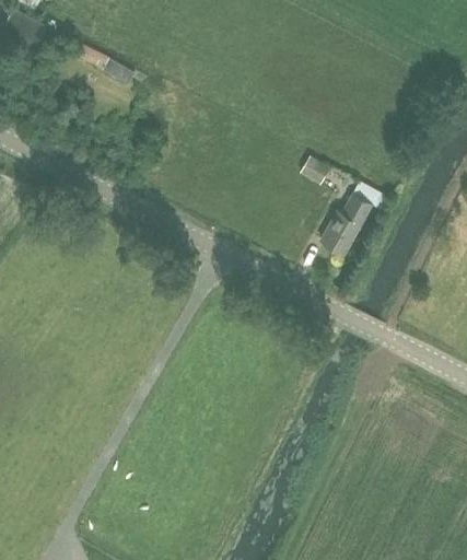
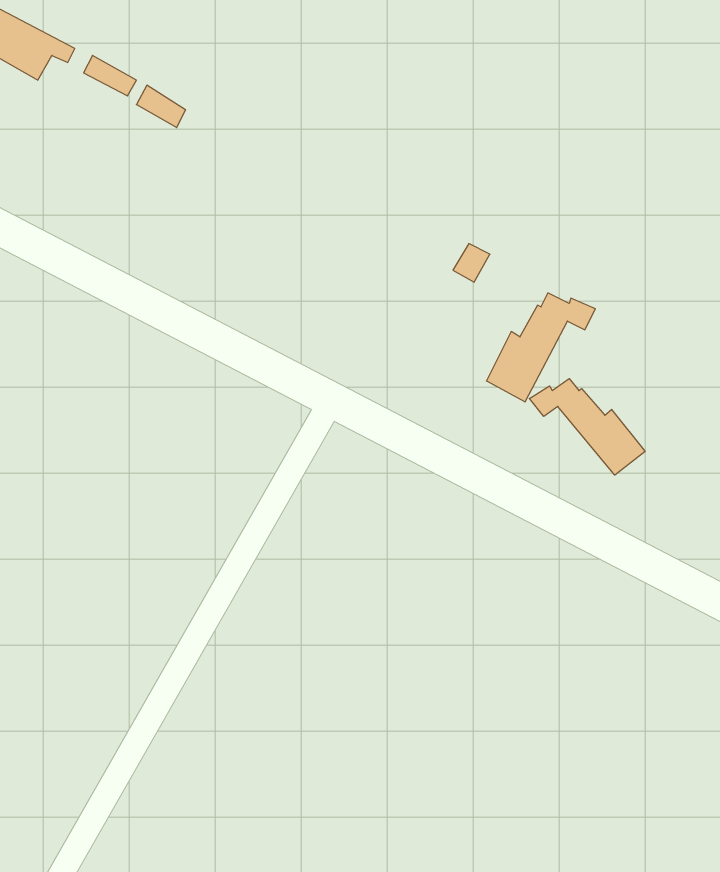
building: none -> [529,379,645,475]

